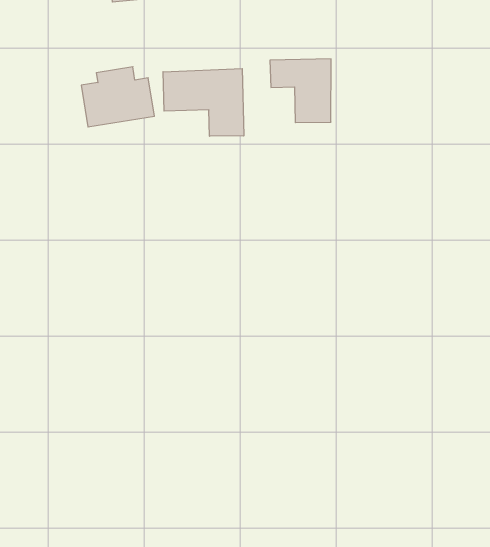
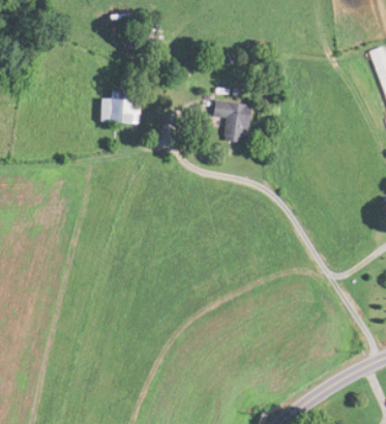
building: [163,69,244,136] -> none

